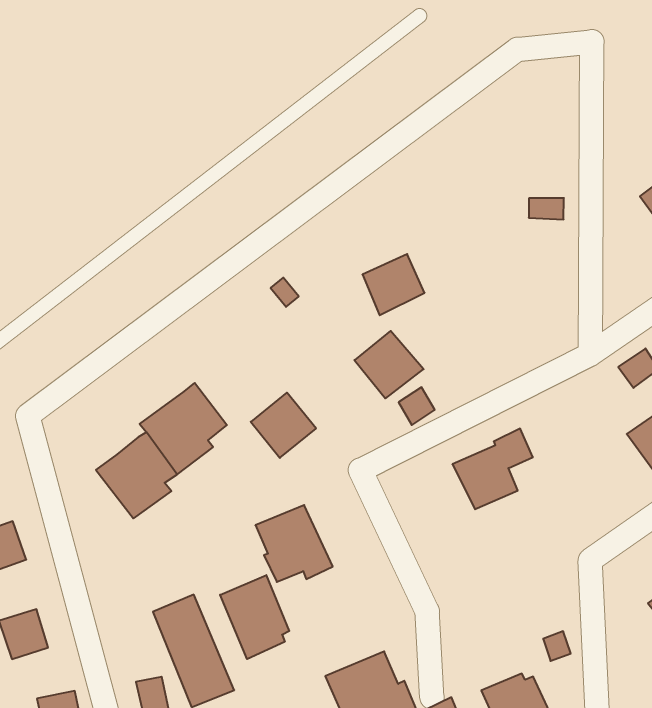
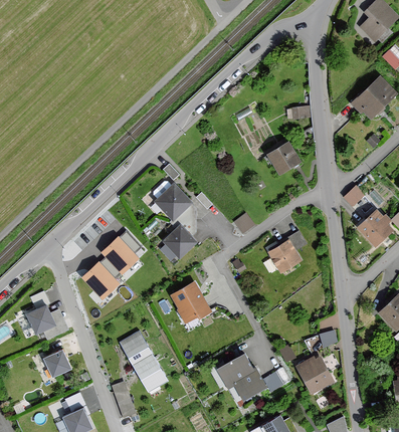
building: [362,254,425,315] -> [266,142,300,175]
building: [354,331,424,398] -> [154,184,190,219]
building: [220,575,289,659] -> none

